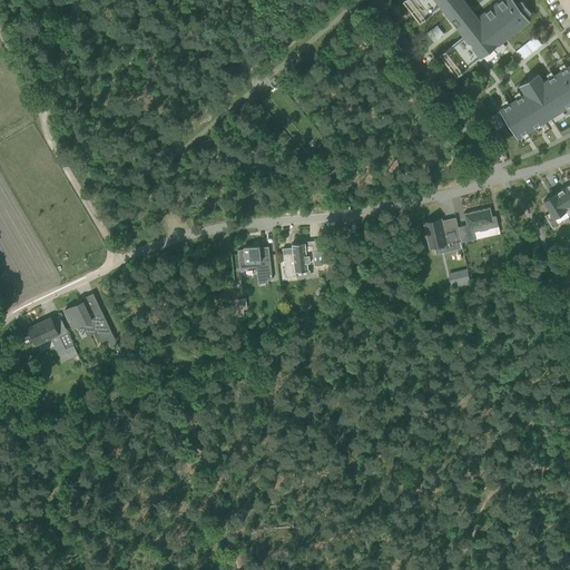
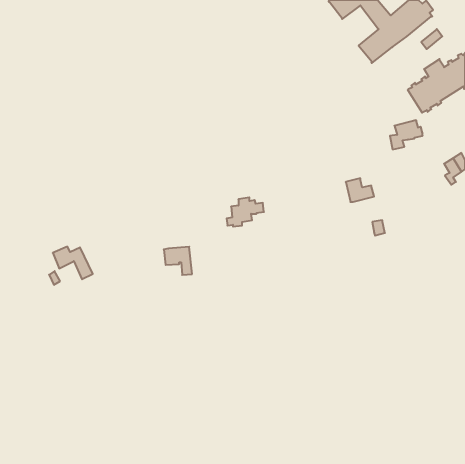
building: [458,208,498,244] -> [390,120,423,149]
building: [237,247,272,282] -> [164,247,192,275]
building: [27,317,59,346] -> none

